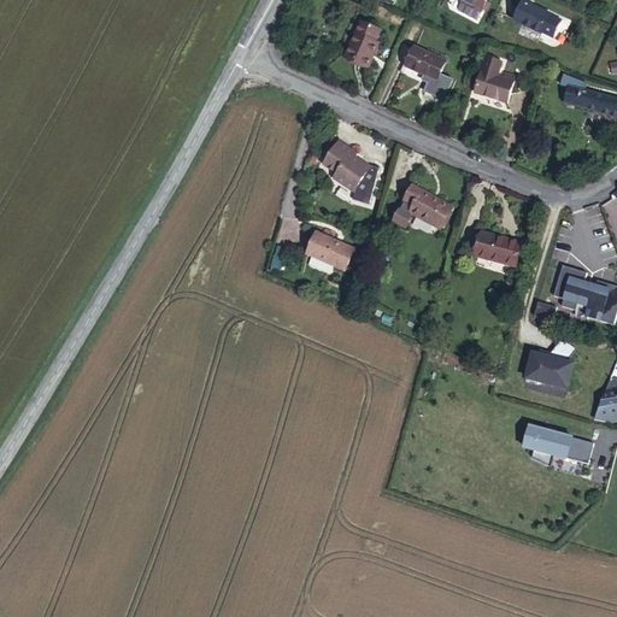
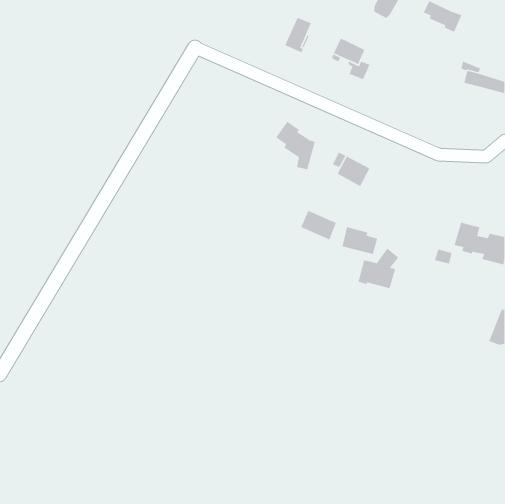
building: [475,70,515,101] -> none
building: [308,225,353,263] -> [300,210,337,240]
building: [476,230,521,265] -> [342,226,378,255]
building: [519,340,570,390] -> [358,248,399,289]
building: [523,427,593,464] -> none

